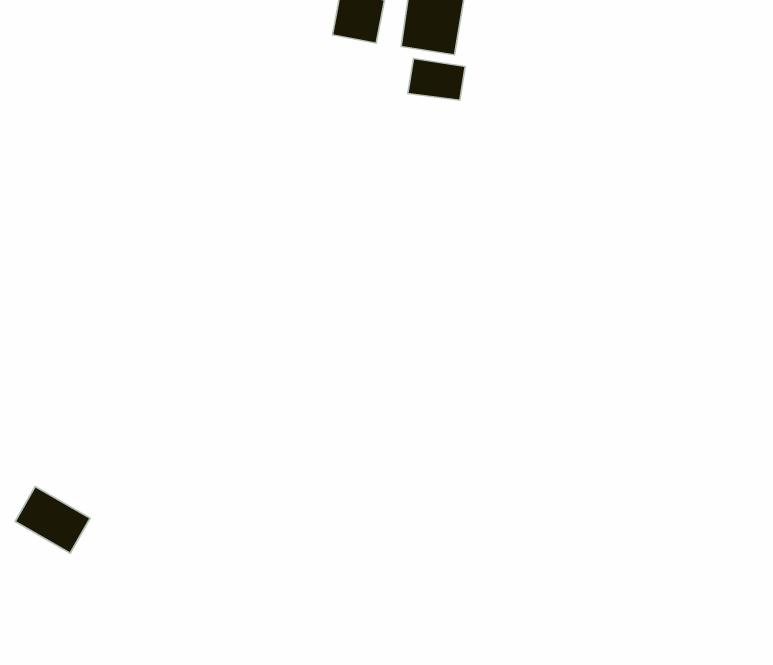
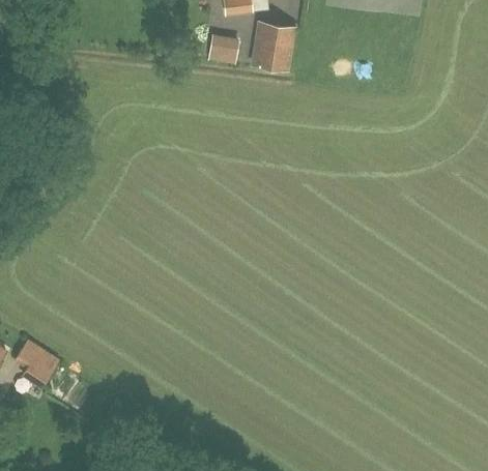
building: [408,59,465,100] -> none

